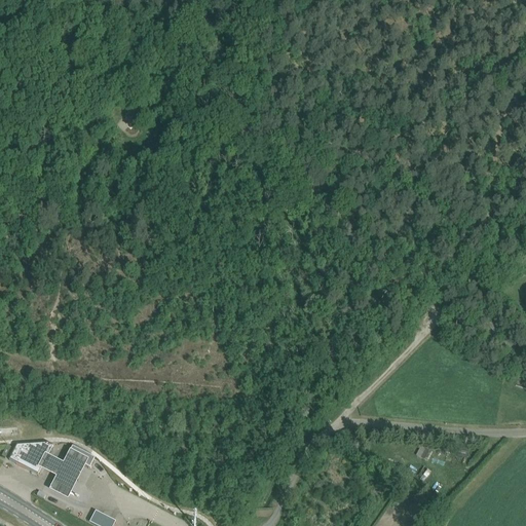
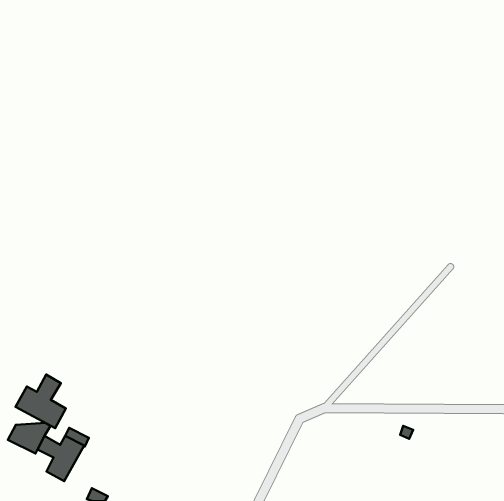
building: none -> [15,374,66,428]

